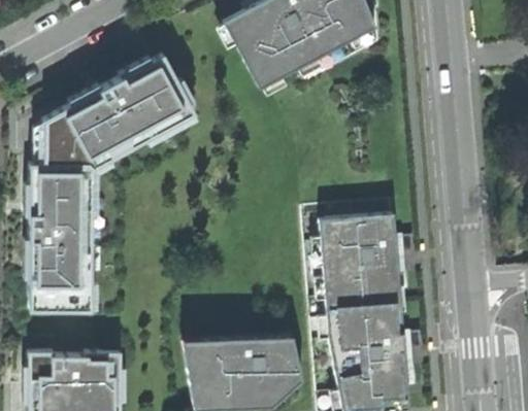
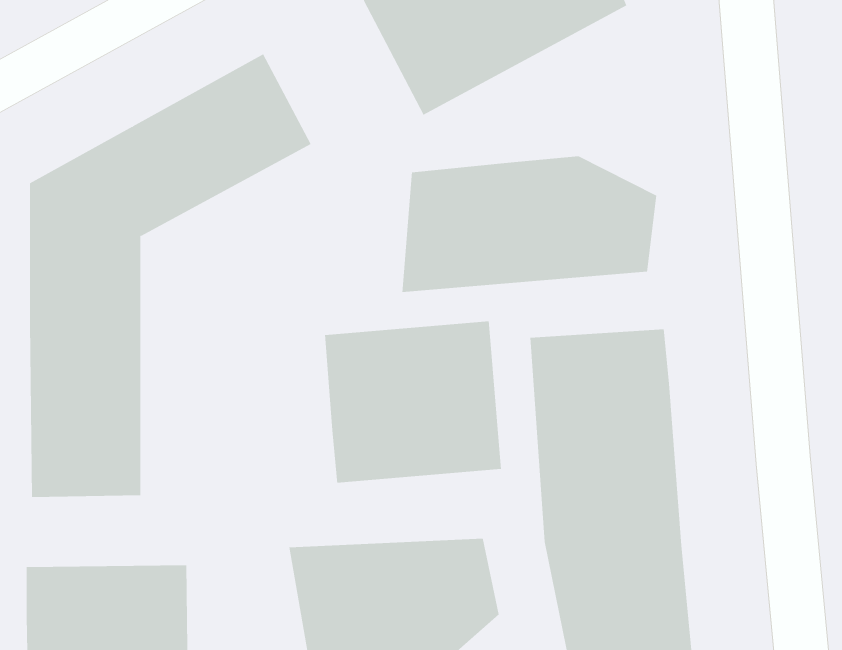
building: none -> [402,155,657,293]
building: none -> [325,321,502,483]

